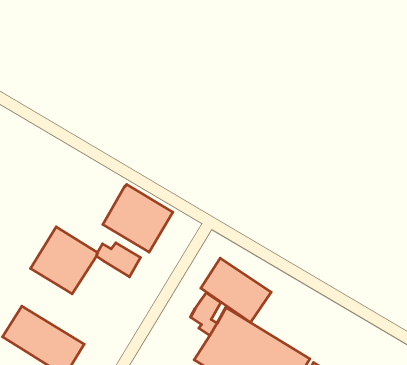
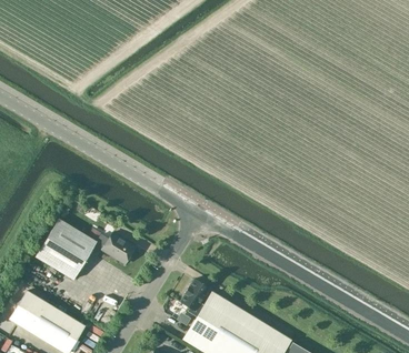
building: [103,185,173,252] -> none
building: [201,258,271,322] -> none

